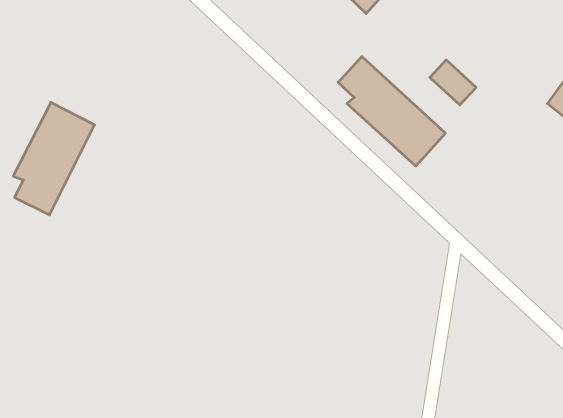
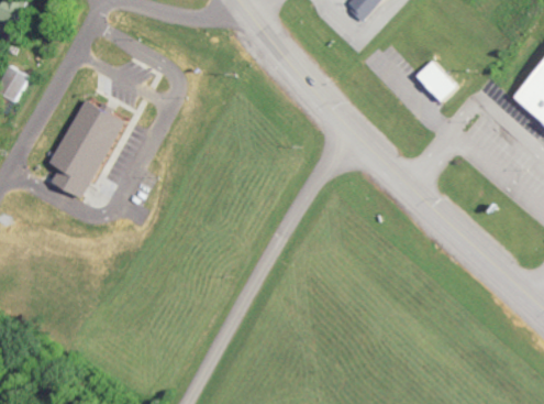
building: [338,57,445,166] -> none

